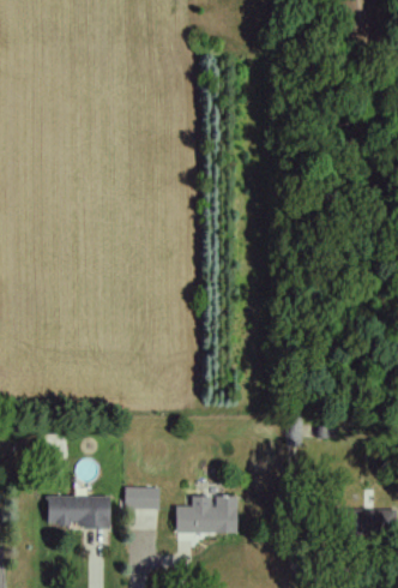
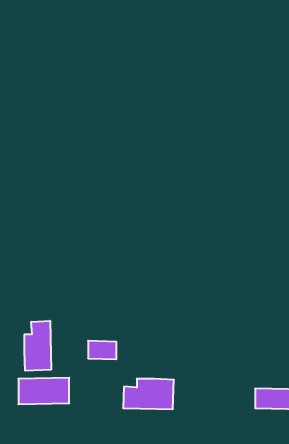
building: none -> [24,321,51,371]
building: [125,486,159,509] -> [88,341,116,359]

